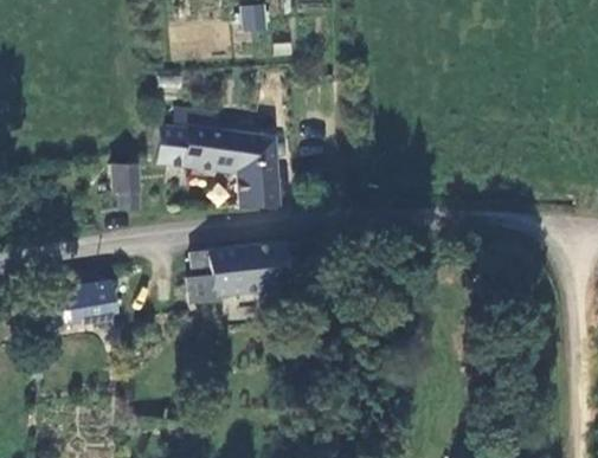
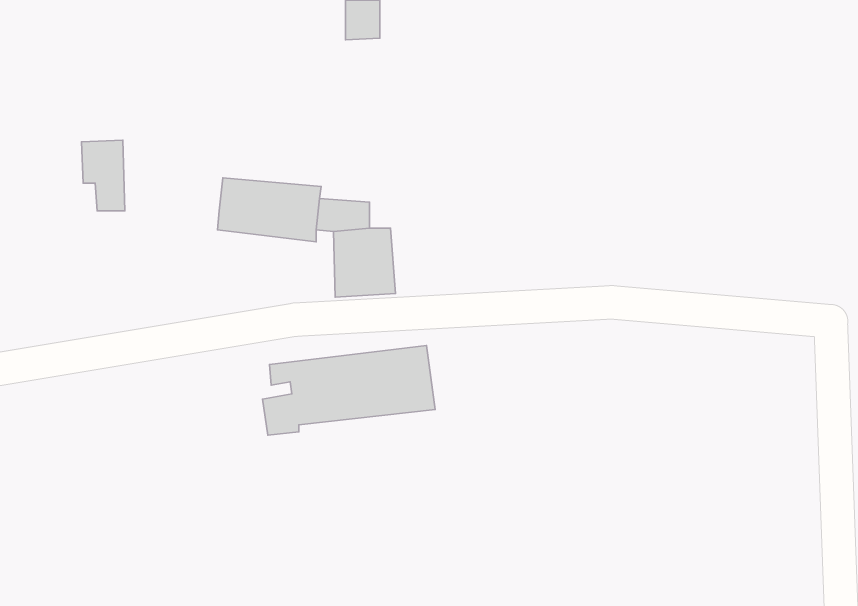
building: [109,162,139,211] -> [81,140,125,211]
building: [75,280,114,317] -> none

